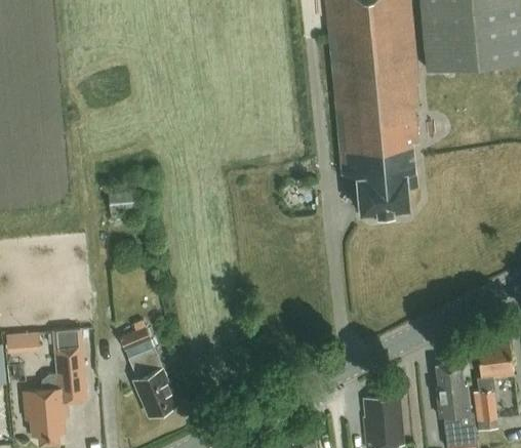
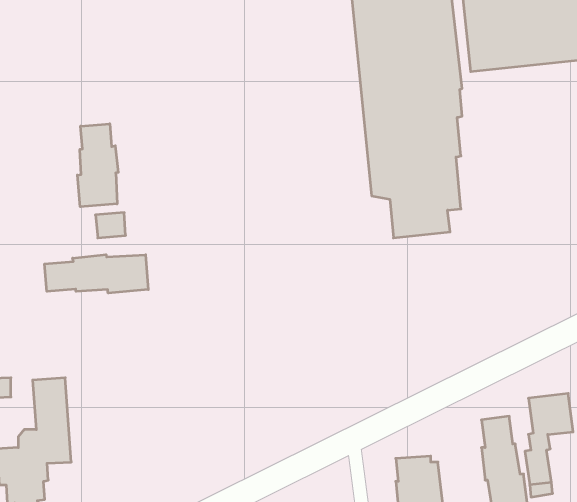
building: none -> [77,124,118,207]
building: none -> [45,255,148,293]
building: [118,328,175,417] -> none

